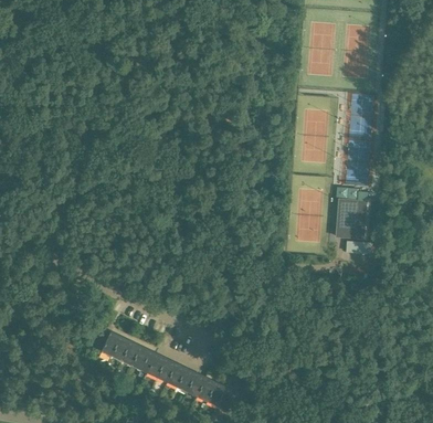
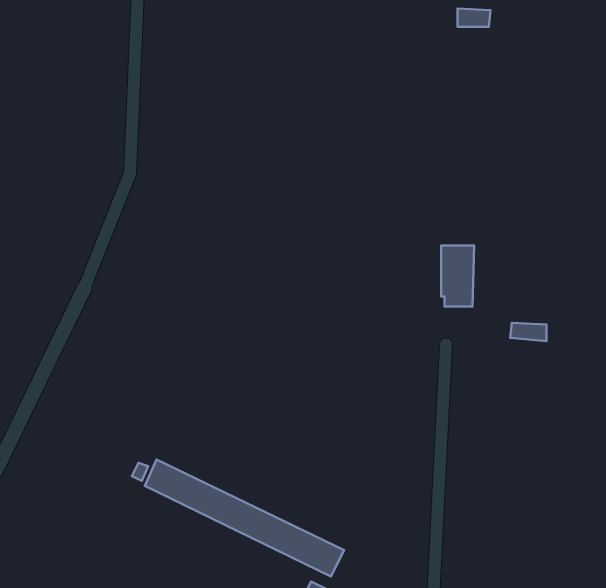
building: [337,200,366,240] -> none

